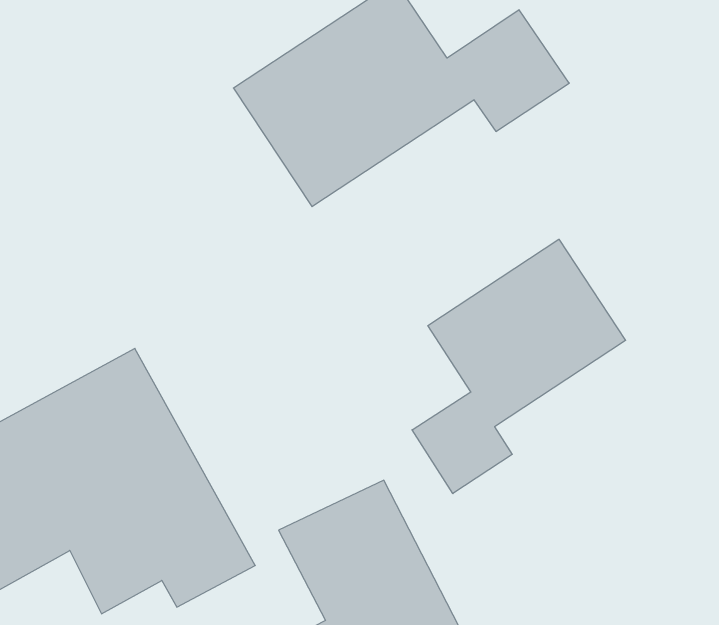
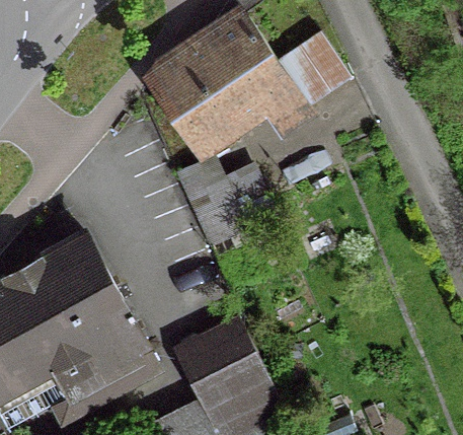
building: [412,239,626,494] -> none

